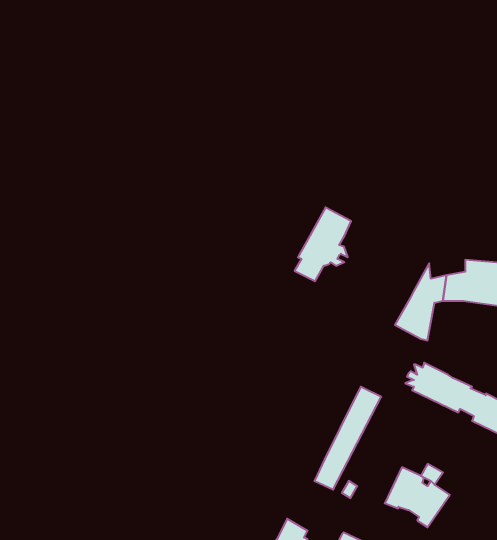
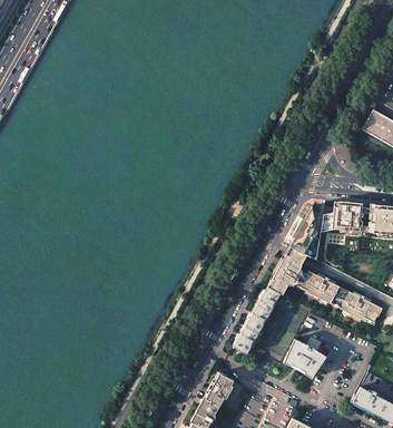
building: [295,207,351,281] -> [269,246,306,294]

